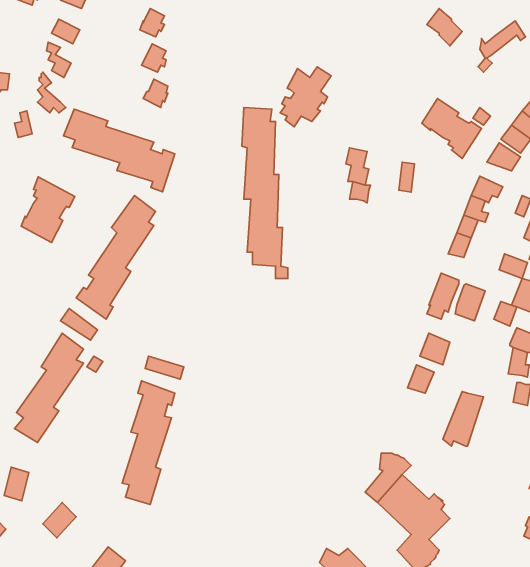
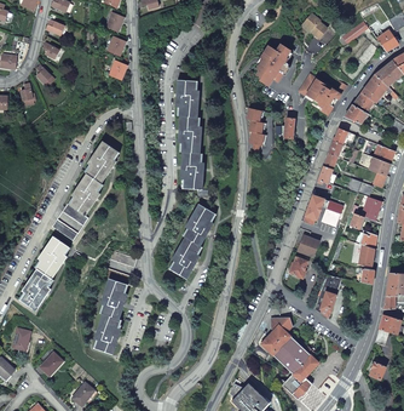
building: [280,67,331,127] -> [255,44,290,85]
building: [64,109,175,192] -> none
building: [21,177,75,243] -> none
building: none -> [169,204,214,279]

